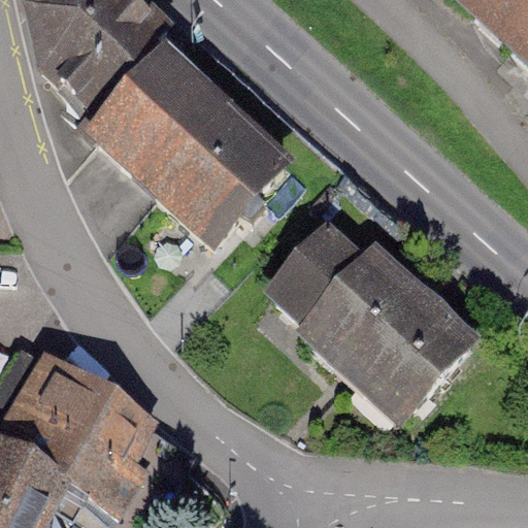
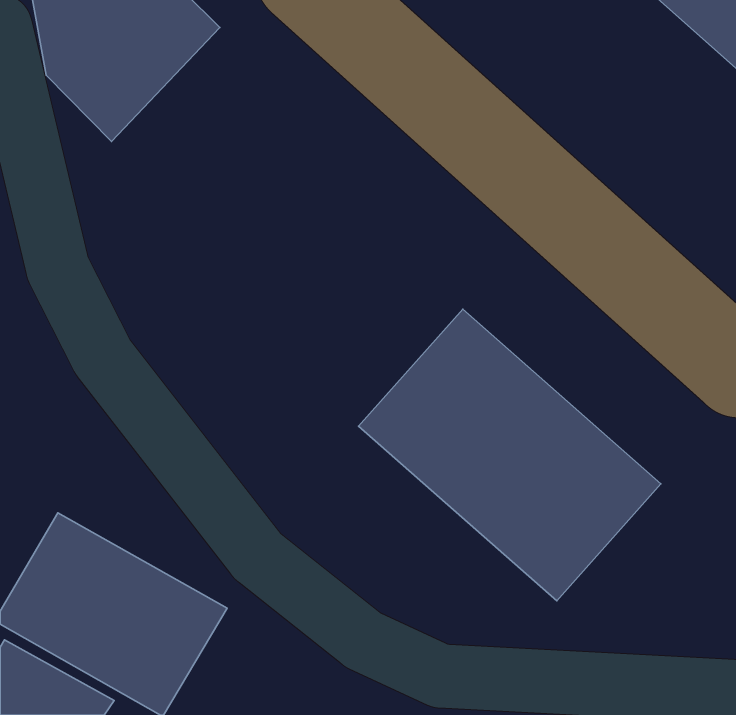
building: [85,43,285,241] -> none

